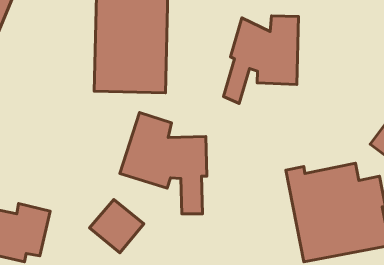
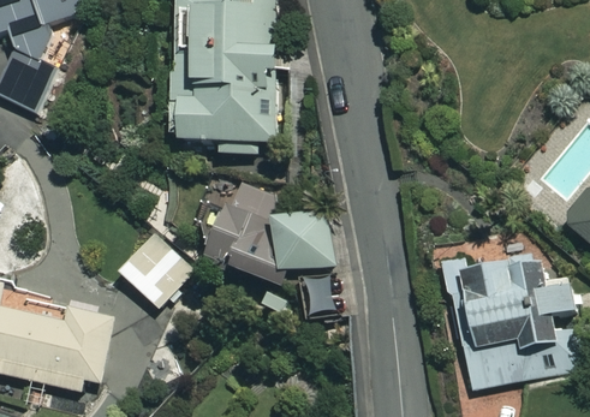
building: [224,16,298,103] -> none
building: [90,200,144,253] -> [117,232,192,306]

